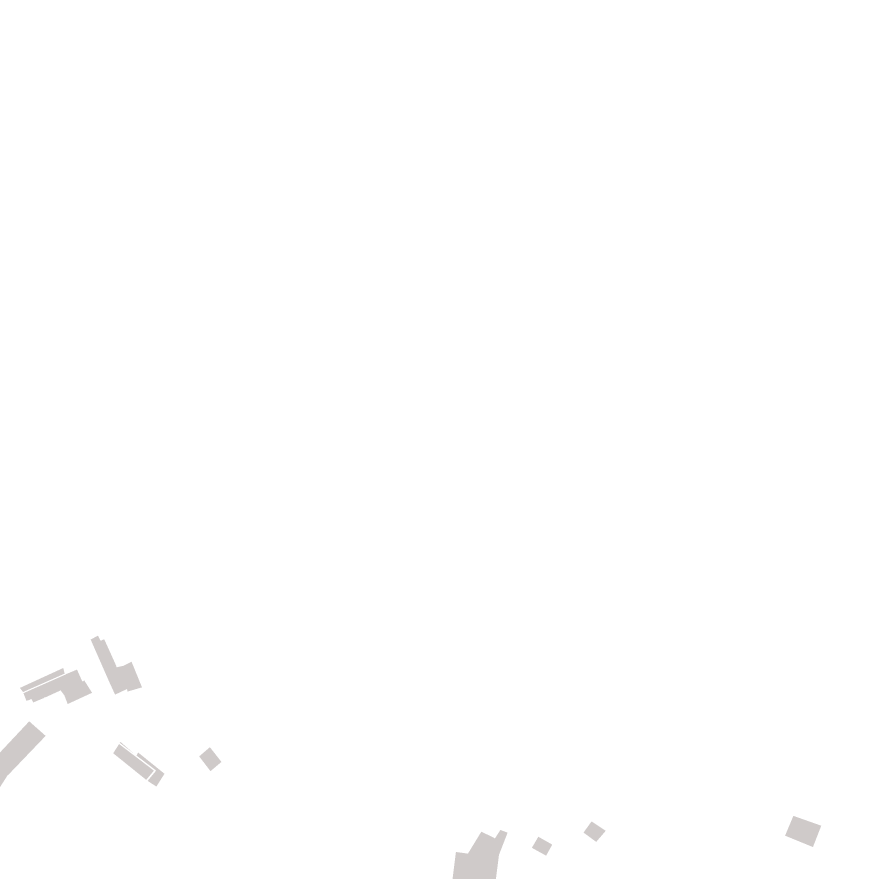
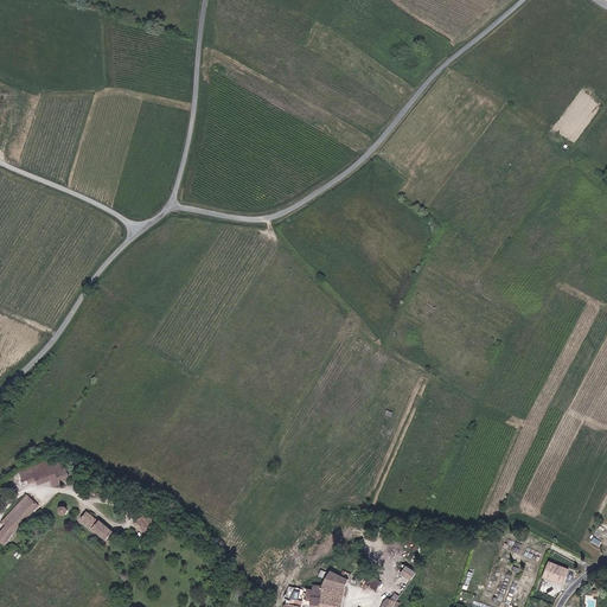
building: [90,635,143,695] -> none

